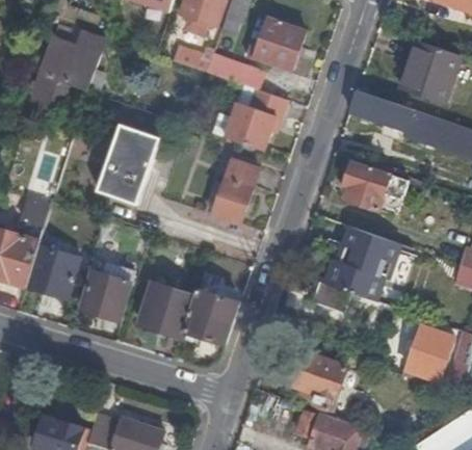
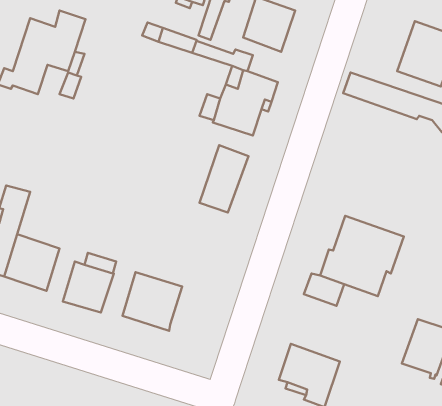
building: [98,126,159,204] -> none
building: [343,162,408,210] -> none
building: [184,289,238,344] -> none

